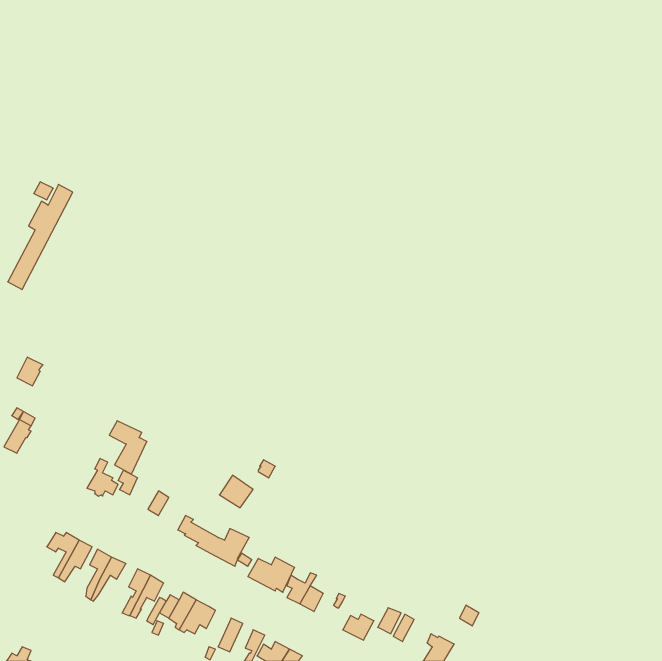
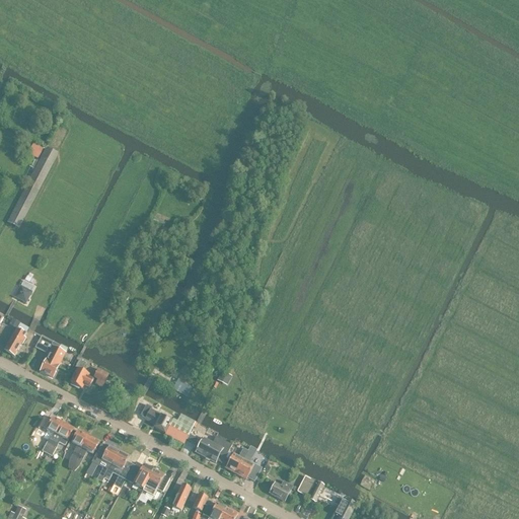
building: [109,421,147,474] -> [34,335,64,376]

